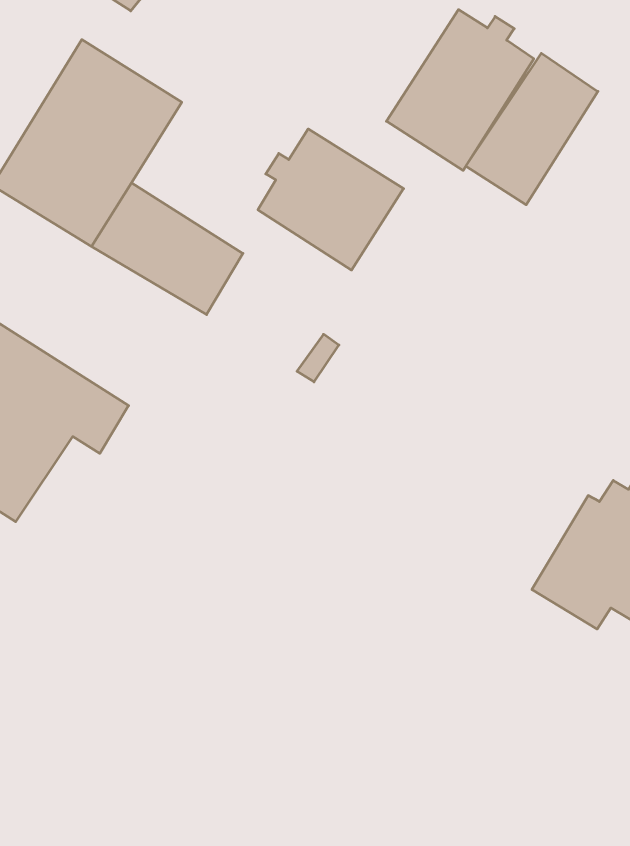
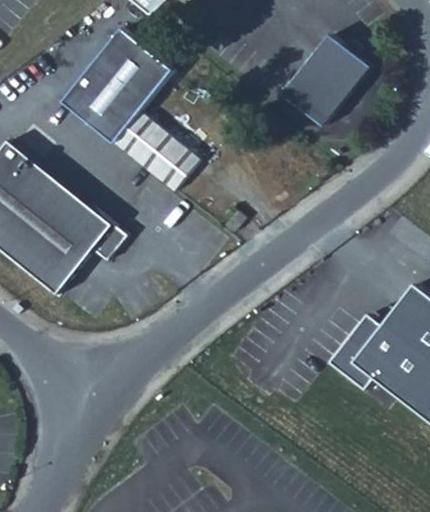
building: [466,53,598,205] -> none
building: [258,129,404,270] -> none

